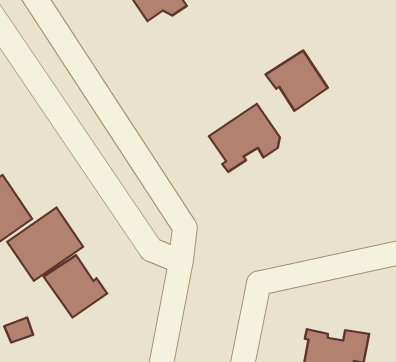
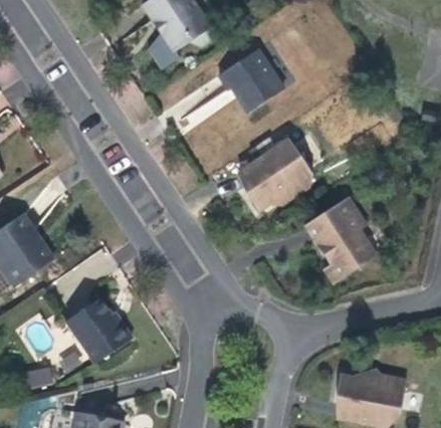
building: [266,50,328,111] -> [218,48,283,112]
building: none -> [305,196,376,282]
building: [7,207,83,281] -> none

